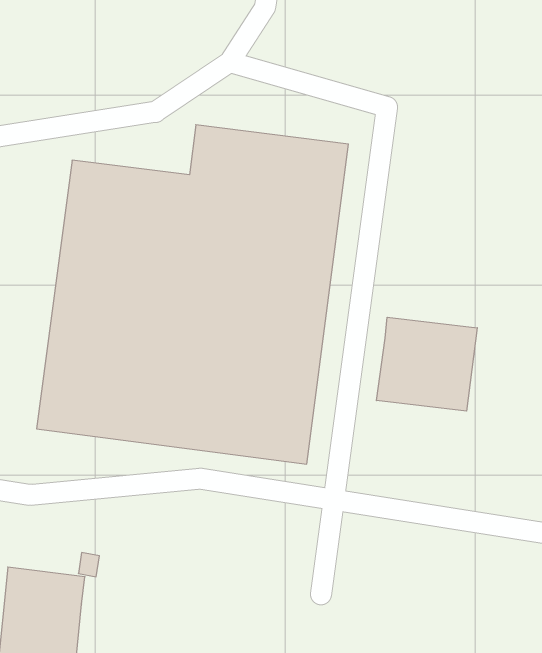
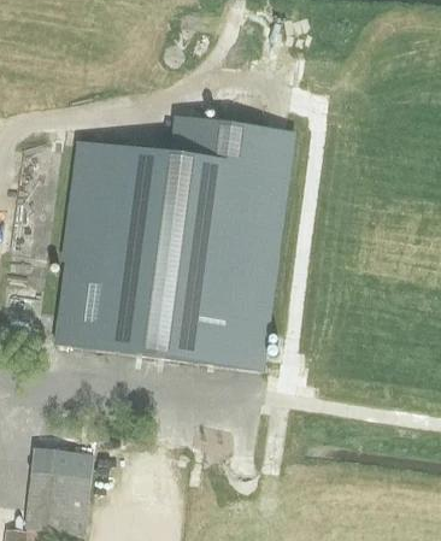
building: [376,317,477,411] -> none

